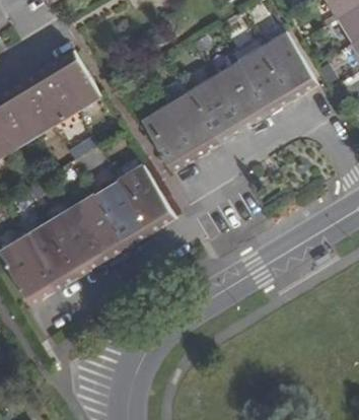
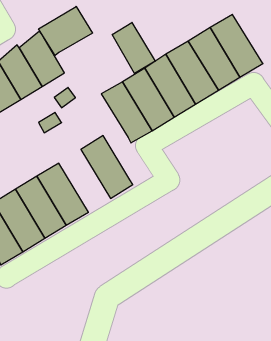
building: none -> [39,6,93,55]
building: none -> [112,22,155,74]
building: [95,179,152,248] -> none

